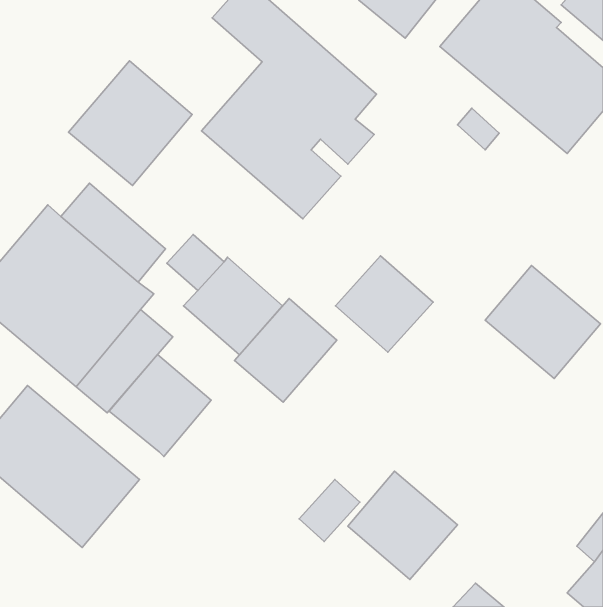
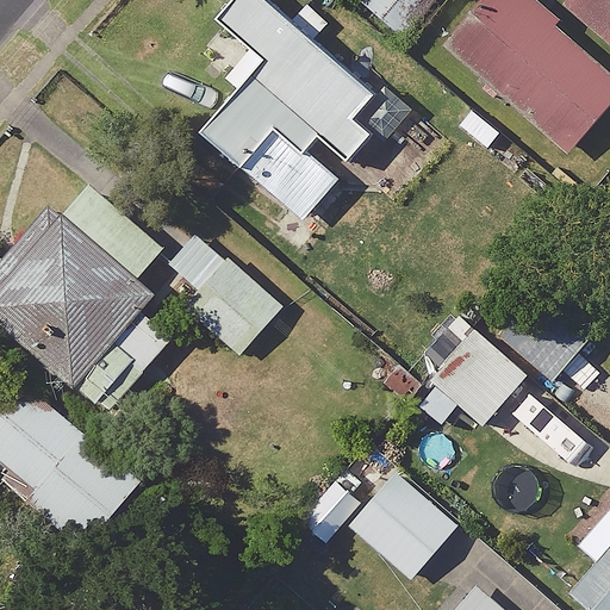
building: [69,61,192,185] -> none
building: [335,256,433,352] -> [429,330,527,427]
building: [234,298,337,402] -> none
building: [109,354,211,456] -> none

